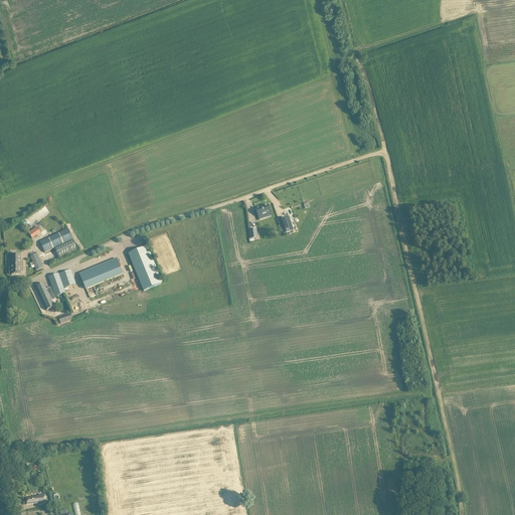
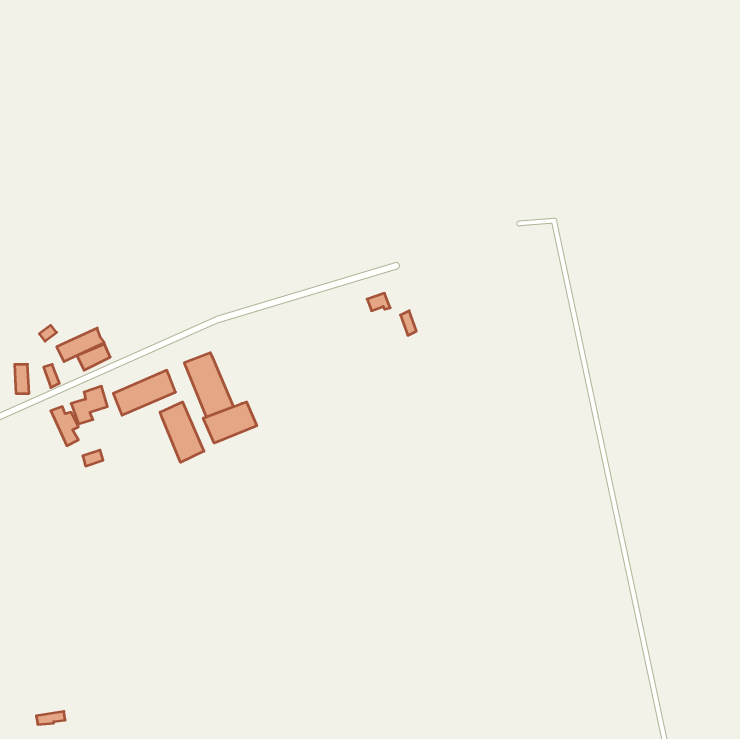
building: none -> [203,402,257,443]
building: none -> [160,402,204,462]

